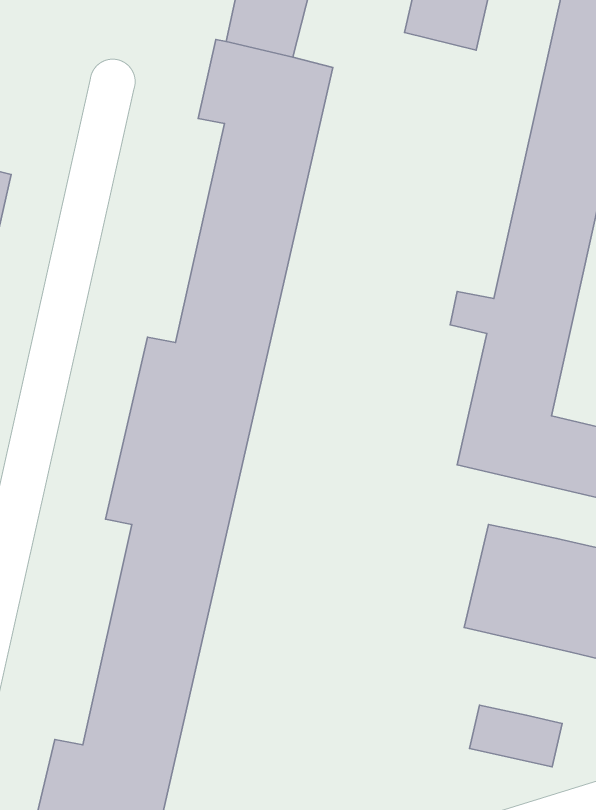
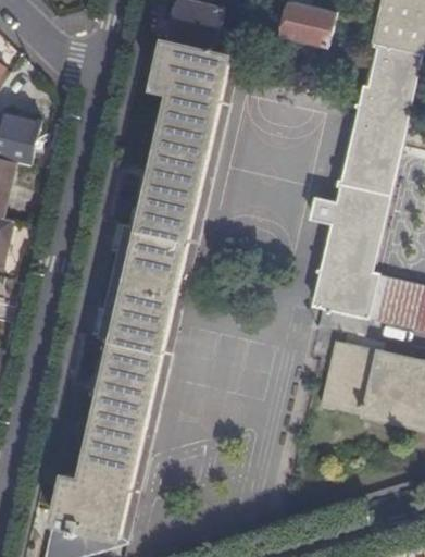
building: [469,705,562,767] -> none

